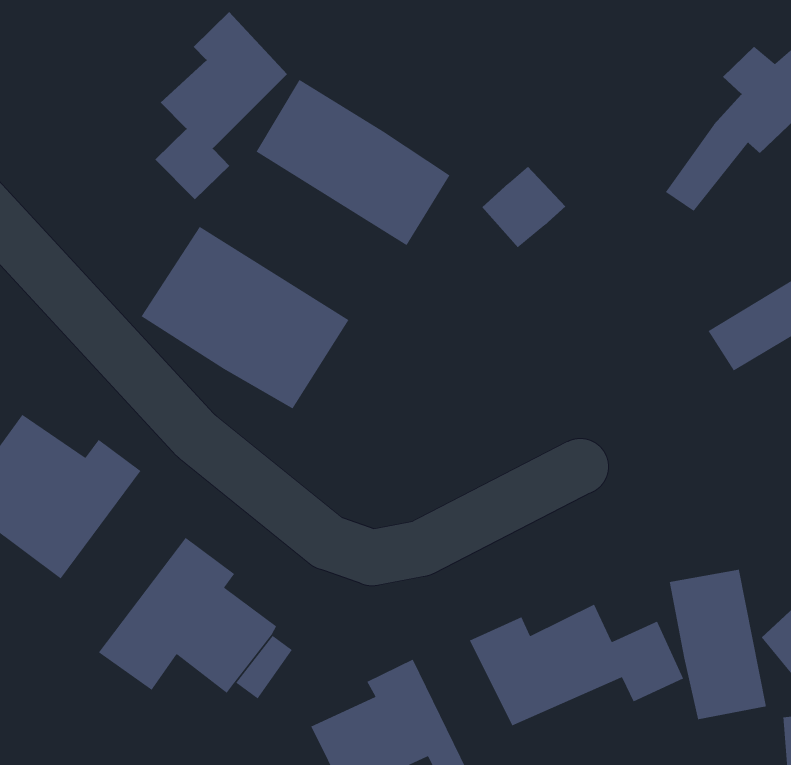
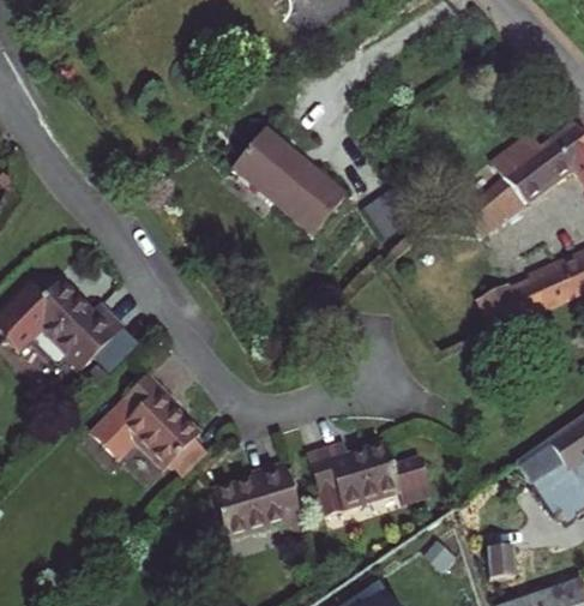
building: [154,11,288,200] -> none
building: [141,226,350,410] -> none
building: [669,569,767,720] -> none

